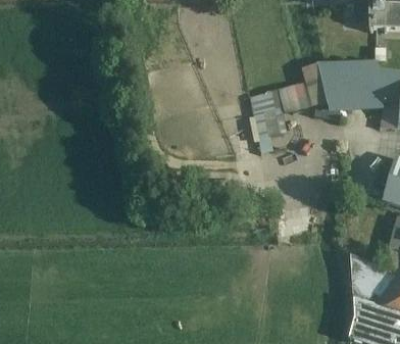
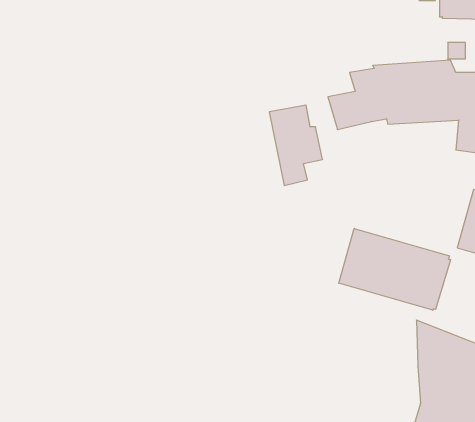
building: none -> [339,228,451,310]

